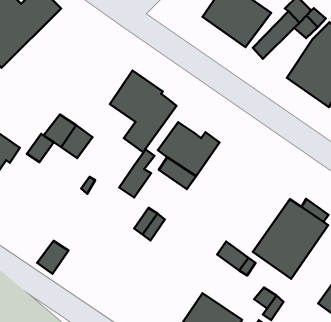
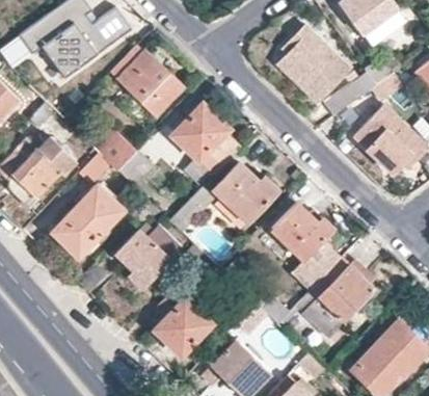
building: none -> [116,51,184,117]
building: none -> [270,204,332,261]
building: none -> [54,187,123,256]
building: none -> [114,227,179,288]
building: none -> [154,290,213,354]

